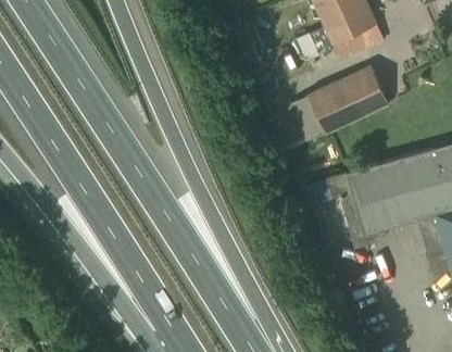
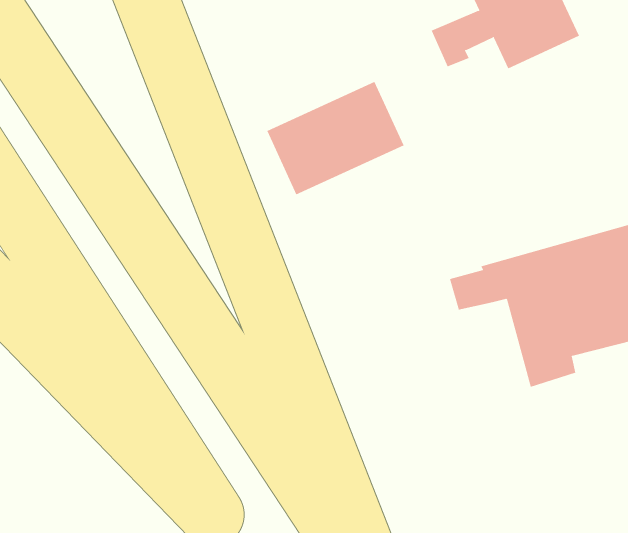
building: [309,66,390,134] -> [266,81,404,195]

